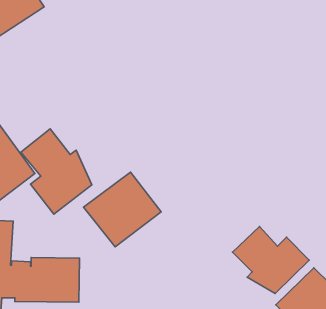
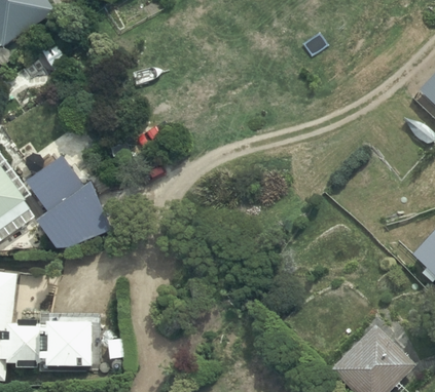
building: [83,172,161,247] -> none
building: [233,227,309,294] -> none

